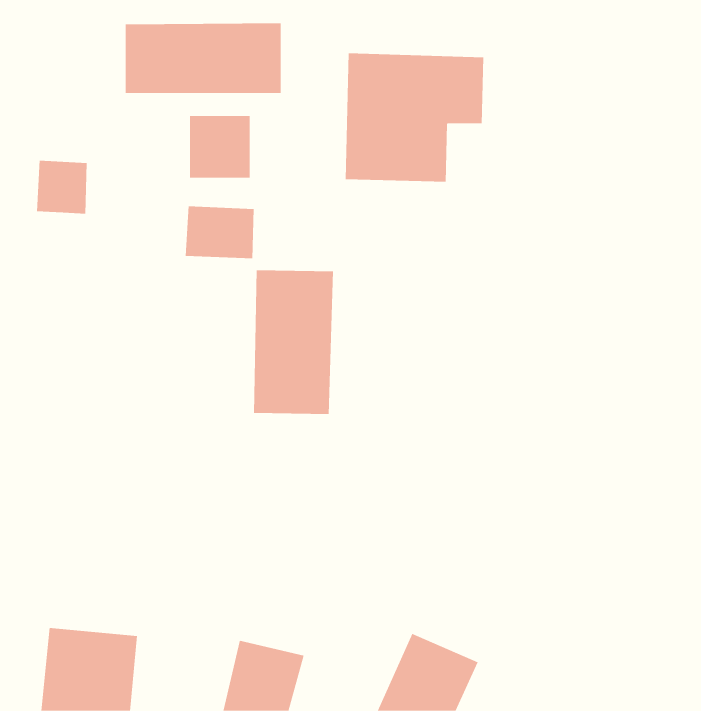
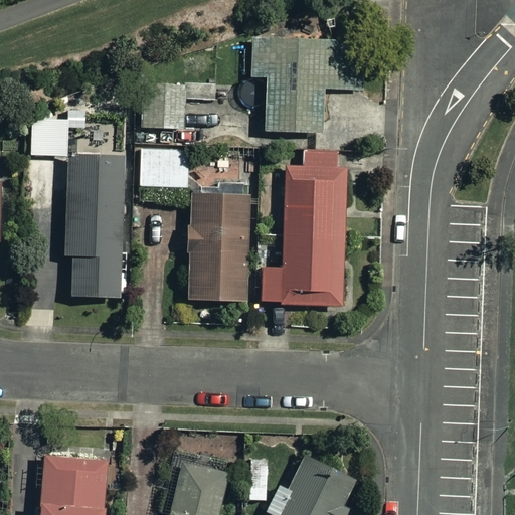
building: [125,23,281,94] -> none
building: none -> [263,152,348,305]
building: none -> [64,160,124,297]

